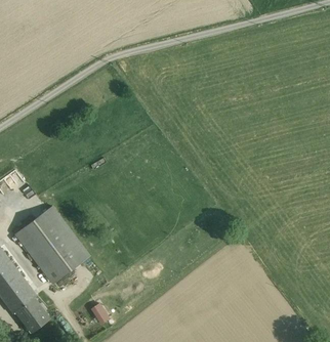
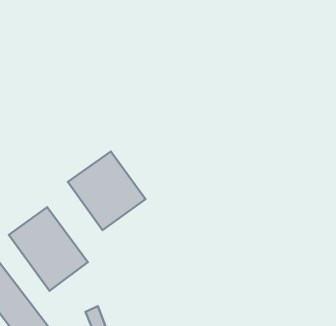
building: none -> [68,152,146,230]

